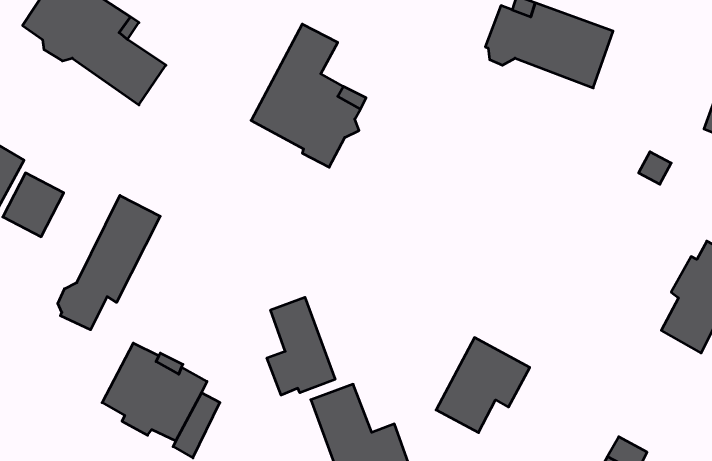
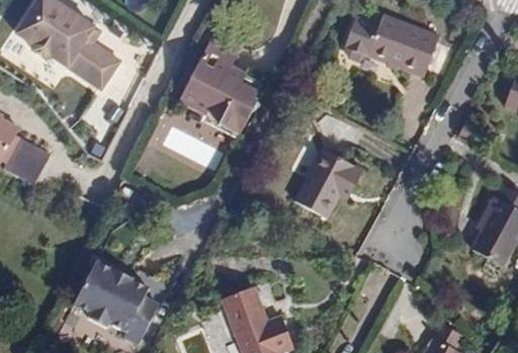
building: [58,195,160,330] -> none
building: [267,297,335,395] -> none
building: [436,338,530,433] -> [294,150,361,217]

